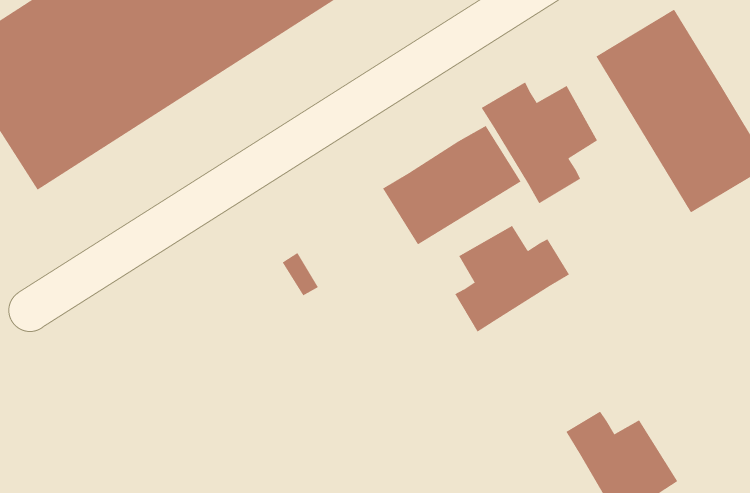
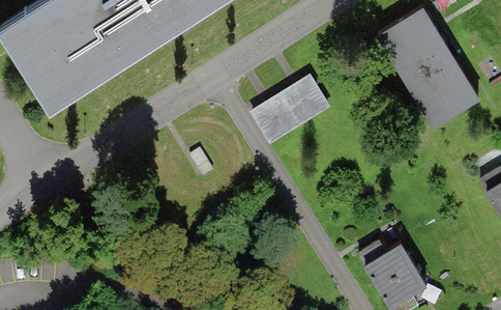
building: [481,82,598,204] -> none
building: [454,225,570,333] -> none

